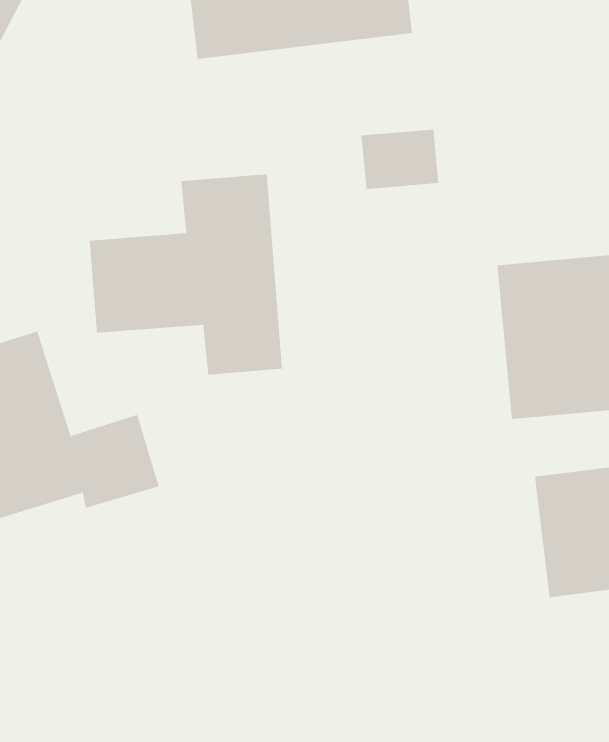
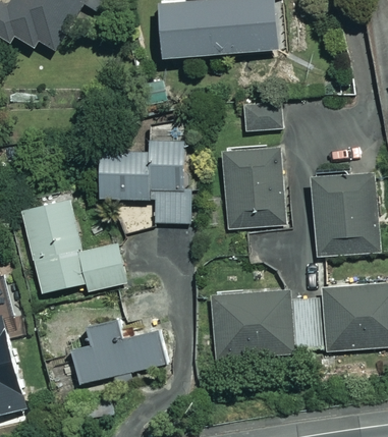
building: none -> [222,148,284,231]
building: none -> [212,291,292,361]
building: none -> [72,320,166,384]

